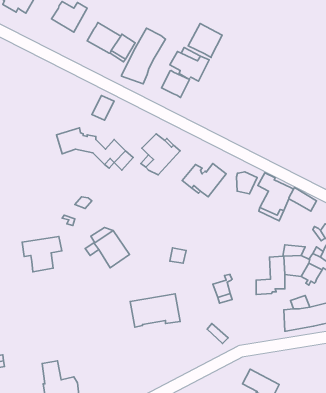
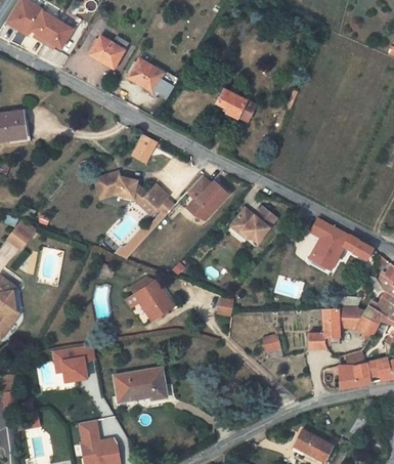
building: [188,24,222,57] -> none
building: [121,28,165,84] -> none
building: [161,71,190,97] -> none
building: [237,172,257,194] -> none
building: [22,236,62,272] -> [54,344,96,382]
building: [130,294,180,327] -> [114,368,167,404]

